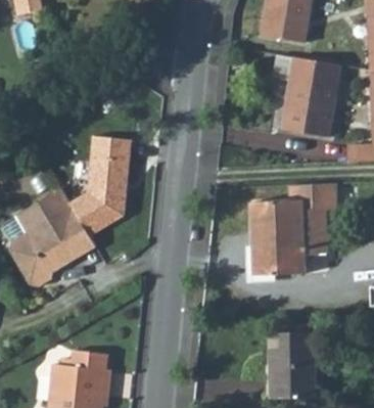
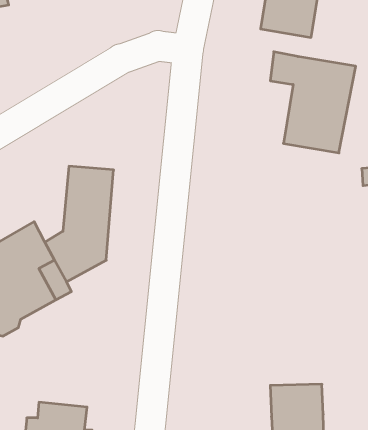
building: [246,183,332,277] -> none

